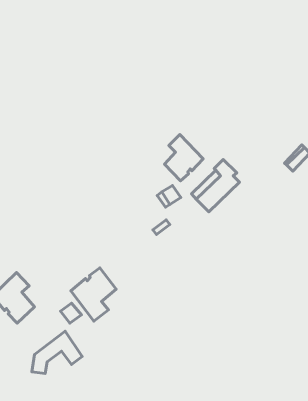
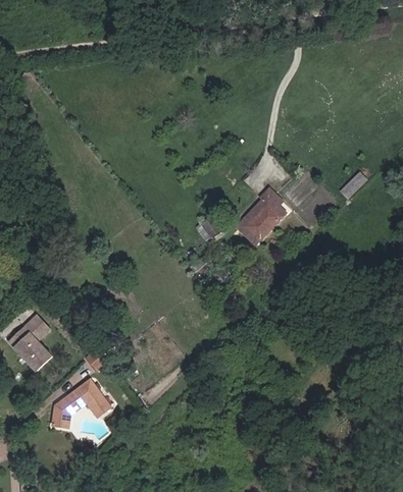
building: [164,135,203,181] -> none
building: [71,268,116,321] -> none

